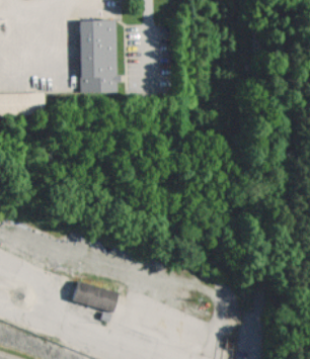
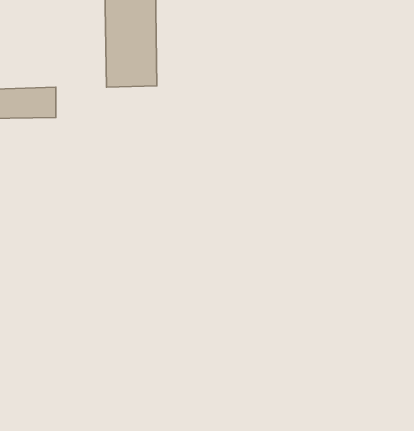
building: [72,280,121,312] -> none

